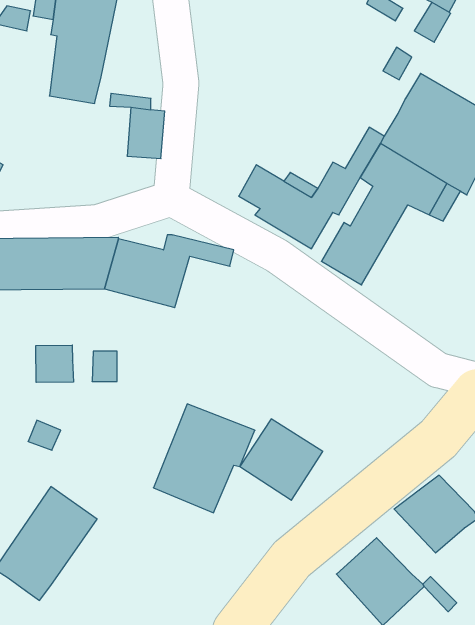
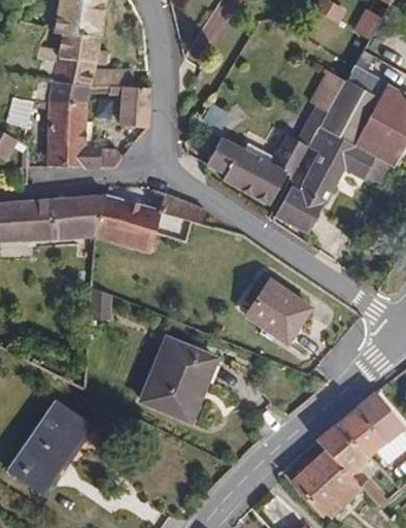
building: none -> [309,72,346,113]
building: none -> [40,80,96,169]
building: [36,345,73,382] -> none
building: [240,419,323,500] -> [244,278,312,345]
building: none -> [316,421,371,474]

